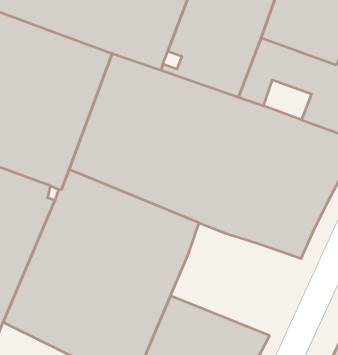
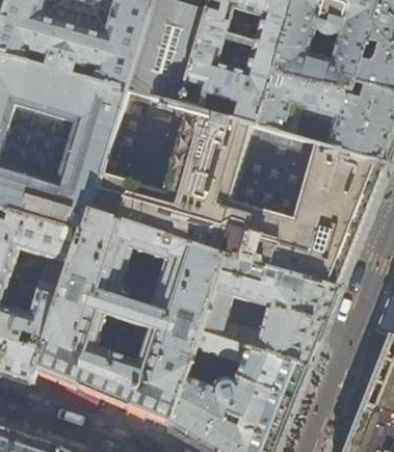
building: none -> [204,259,337,368]

